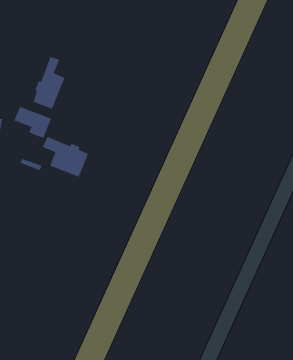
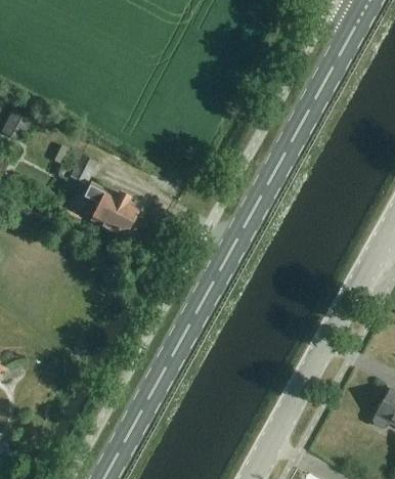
building: [33,56,65,109] -> none

